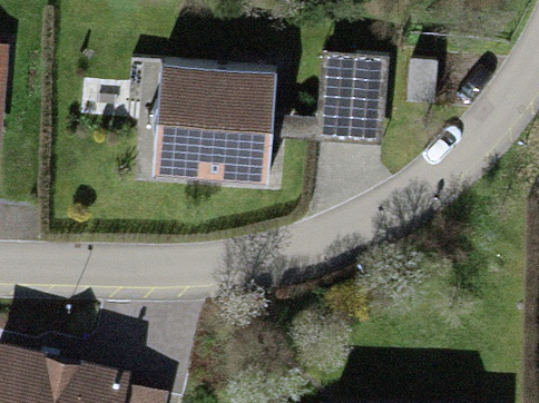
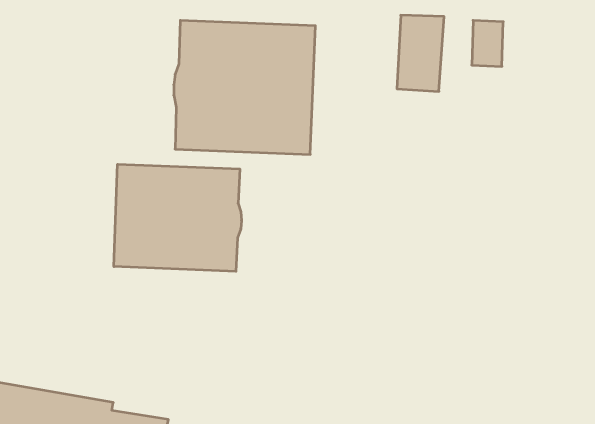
building: none -> [114,164,241,271]

